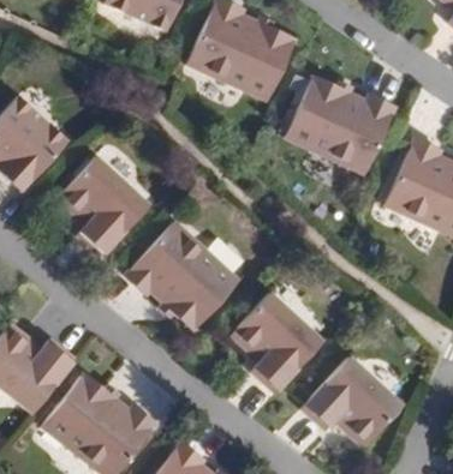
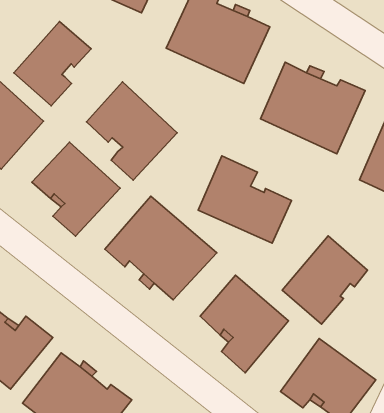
building: none -> [14,21,91,106]
building: none -> [86,82,177,180]
building: none -> [198,156,291,243]
building: none -> [282,236,368,324]

